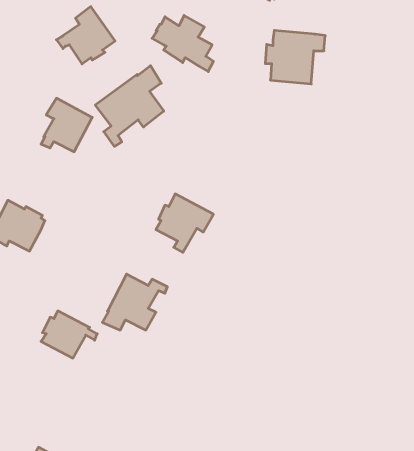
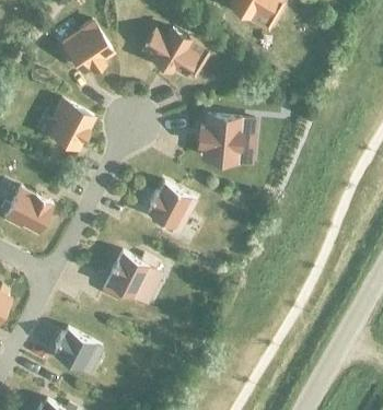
building: [265,30,325,84] -> [199,117,251,163]
building: [95,66,164,146] -> none
building: [41,311,97,358] -> [54,329,102,370]

